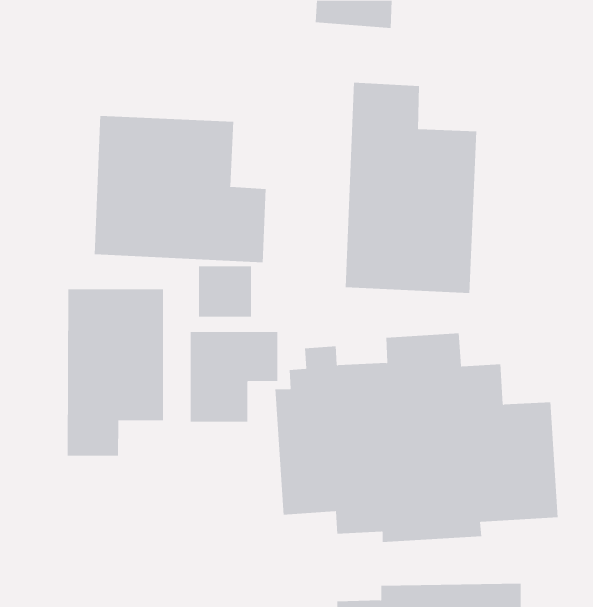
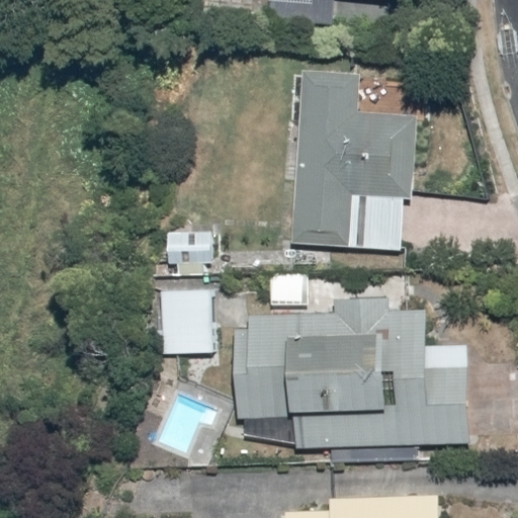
building: [94,115,266,263] -> none
building: [67,288,164,457] -> none

